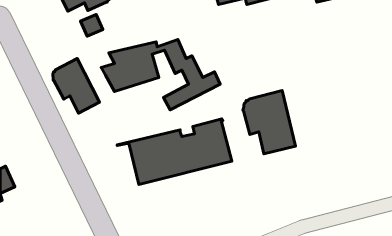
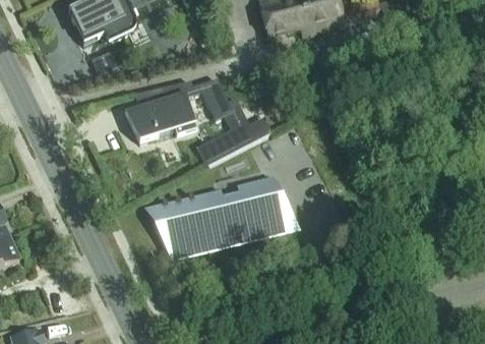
building: [53,58,100,113] -> none
building: [243,90,296,154] -> none

